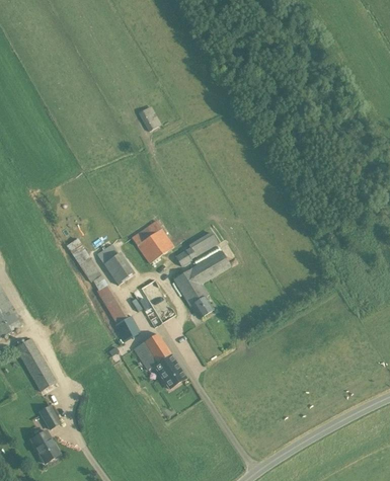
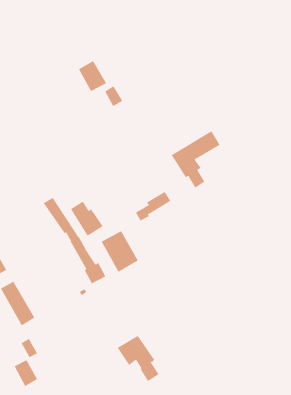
building: none -> [78,60,107,92]
building: [130,219,174,262] -> none
building: [172,248,231,317] -> [171,130,220,188]
building: [132,332,182,388] -> [117,335,159,382]

